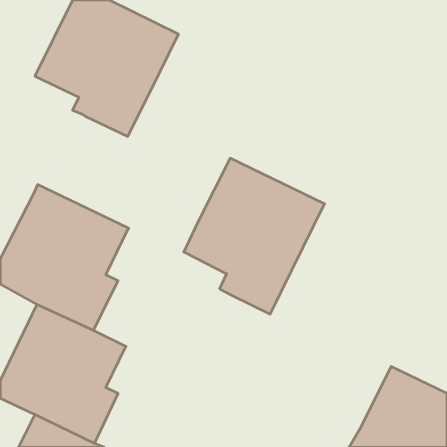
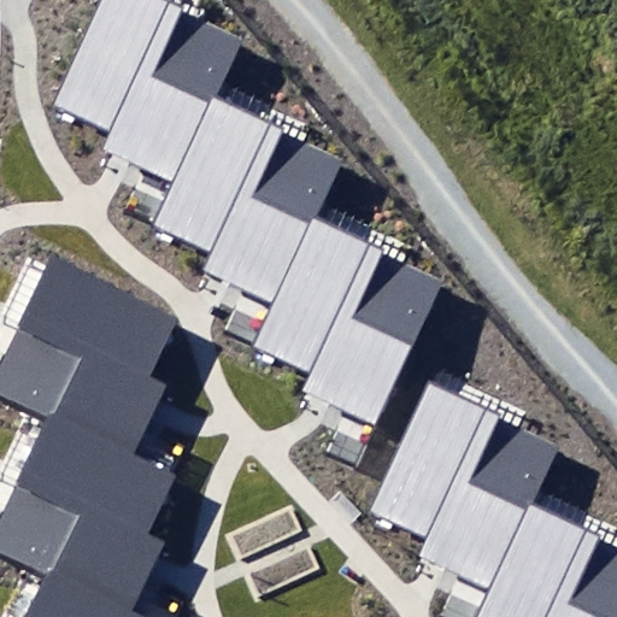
building: none -> [157,101,345,306]
building: none -> [368,383,565,592]

